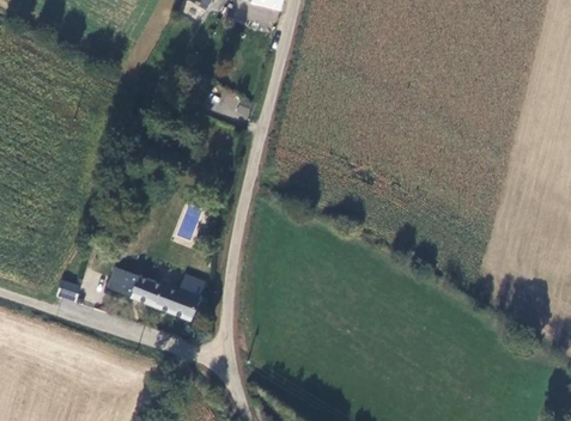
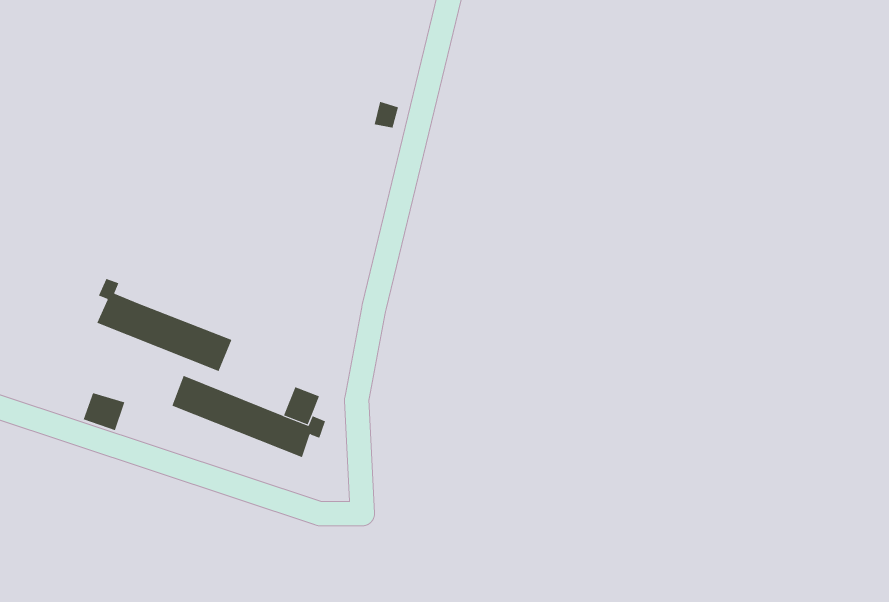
building: none -> [96,278,232,372]

